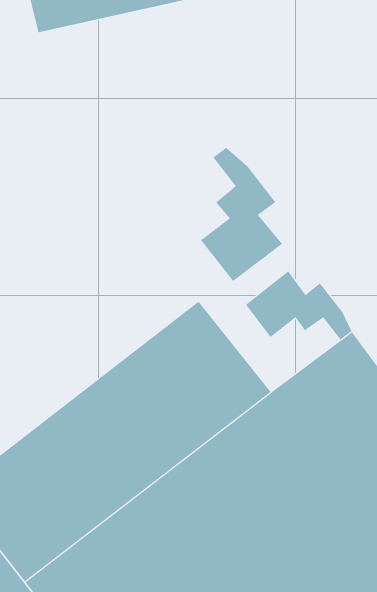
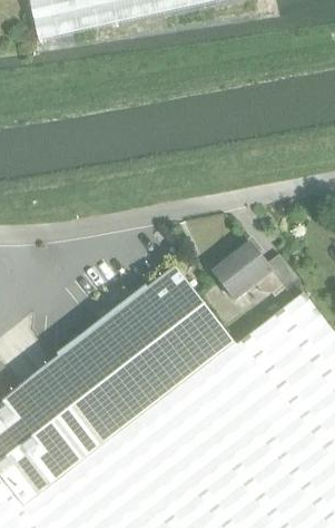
building: [200,147,283,282] -> none

